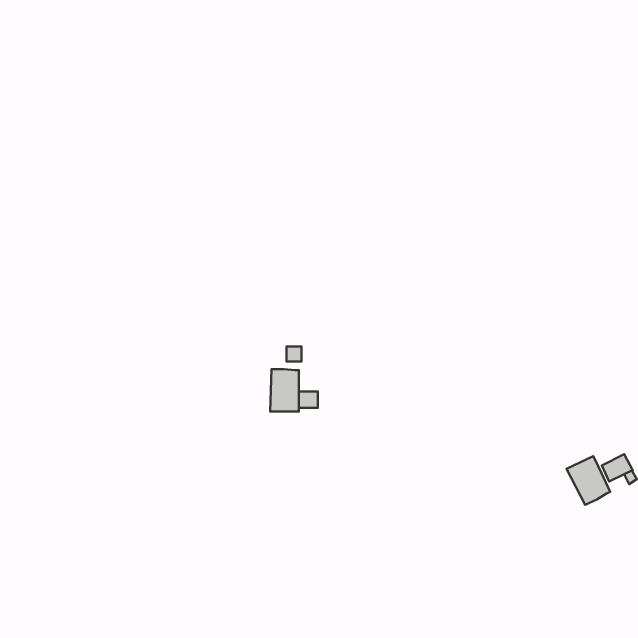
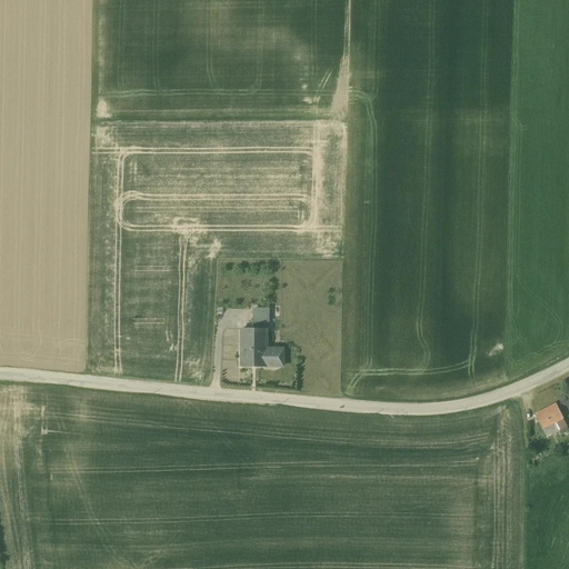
building: [566,456,610,505] -> none

